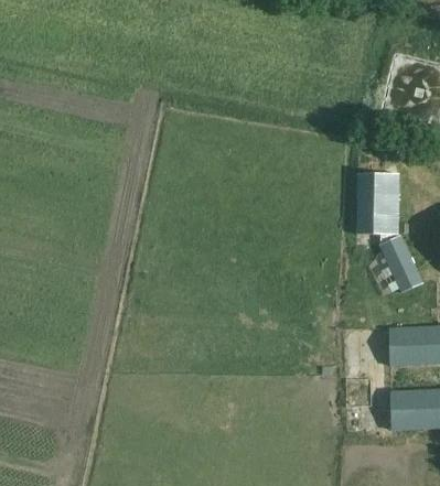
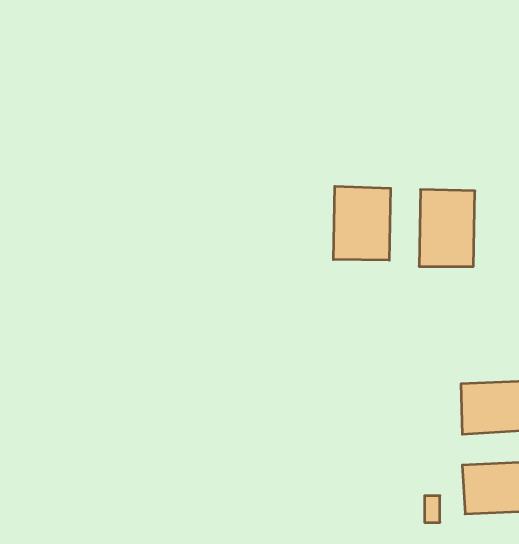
building: none -> [333,186,391,260]
building: [378,235,423,294] -> none

